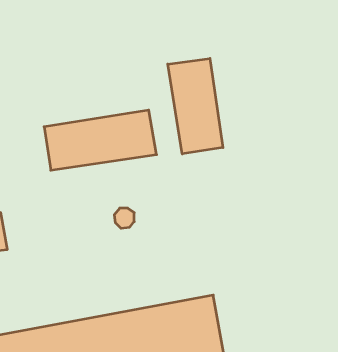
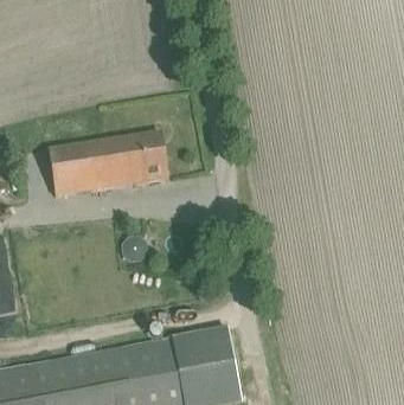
building: [168,58,223,154] -> none

